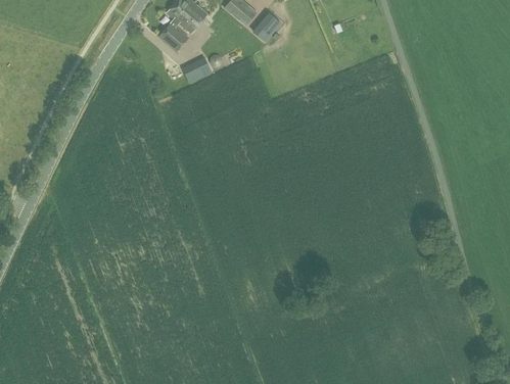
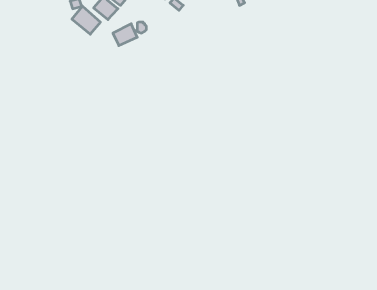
building: none -> [72,6,100,34]

